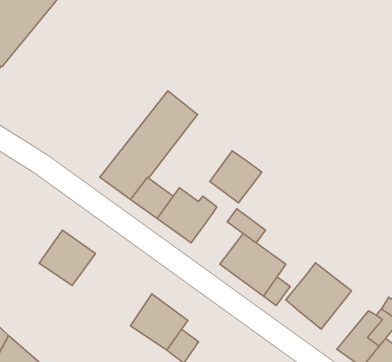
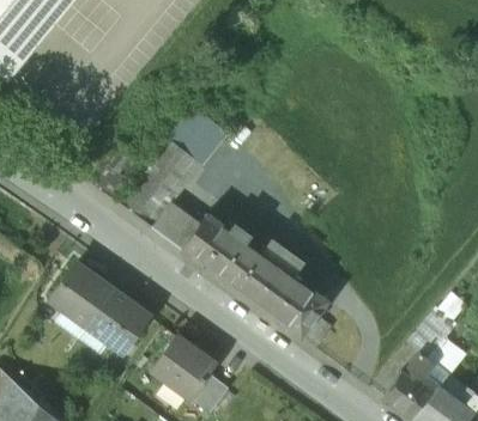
building: [210,151,262,203] -> [219,243,278,301]
building: none -> [85,289,147,352]
building: [286,263,352,329] -> none

